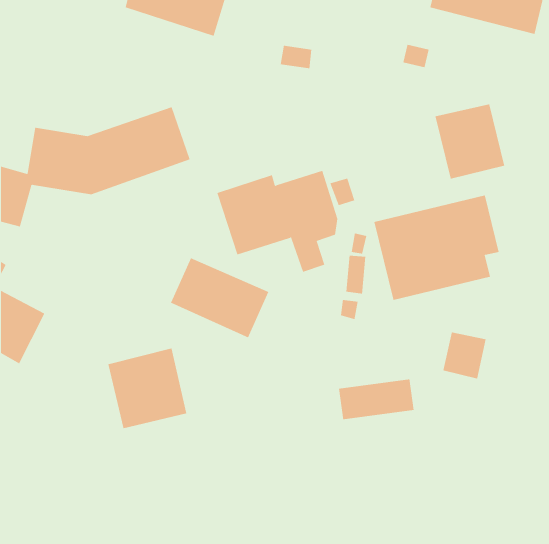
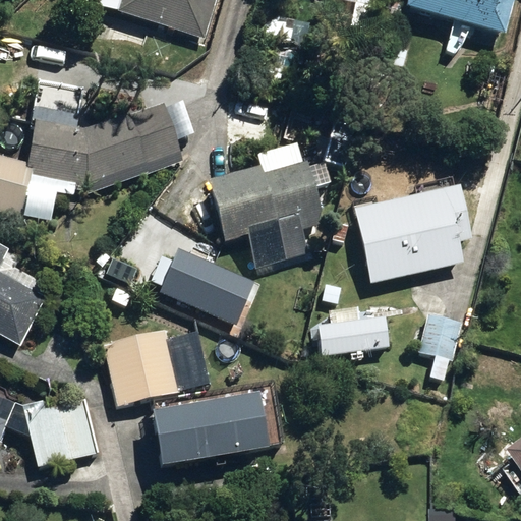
building: [435,104,505,179] -> none
building: [338,379,414,420] -> [315,316,388,355]
building: none -> [152,396,269,467]
building: none -> [23,397,98,466]

